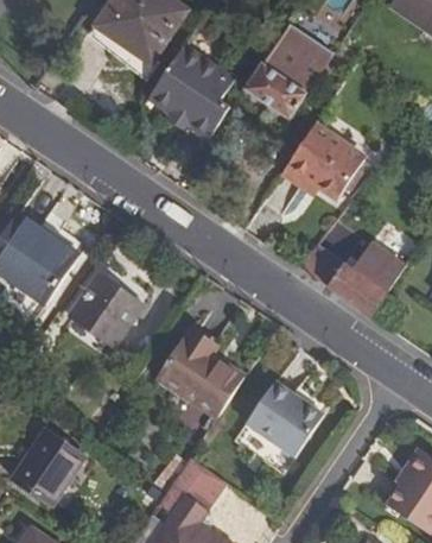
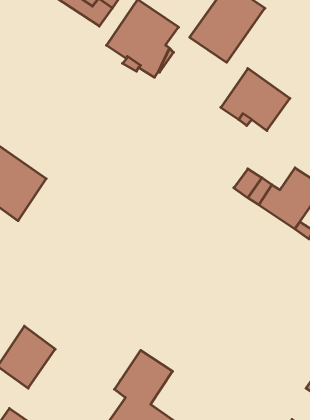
building: [72,274,140,343] -> none
building: [157,327,243,415] -> none
building: [244,379,323,455] -> none

